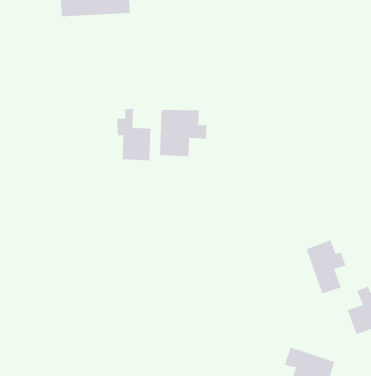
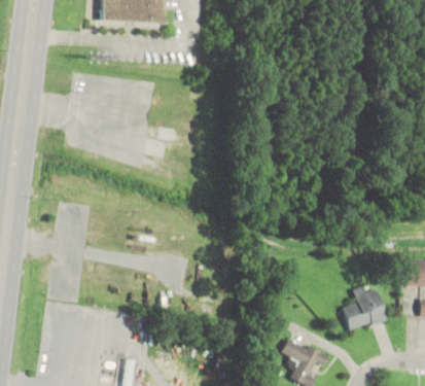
building: [159,109,207,157] -> none
building: [306,239,347,294] -> none

